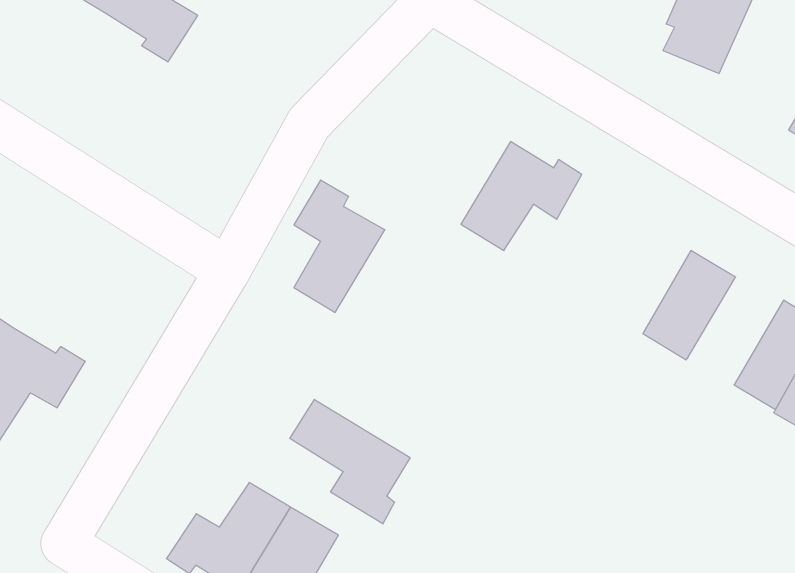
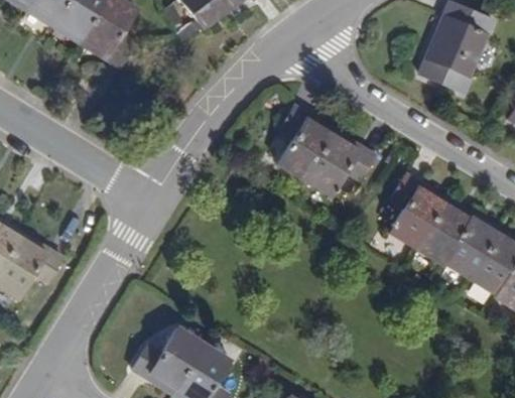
building: [294,180,385,312] -> [277,98,333,178]
building: none -> [386,164,442,245]
building: none -> [440,209,499,276]
building: [290,399,410,524] -> none

